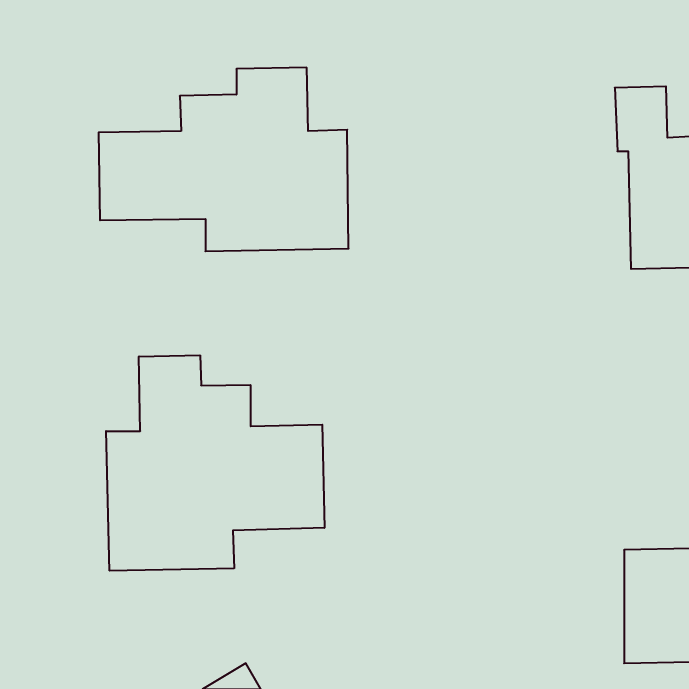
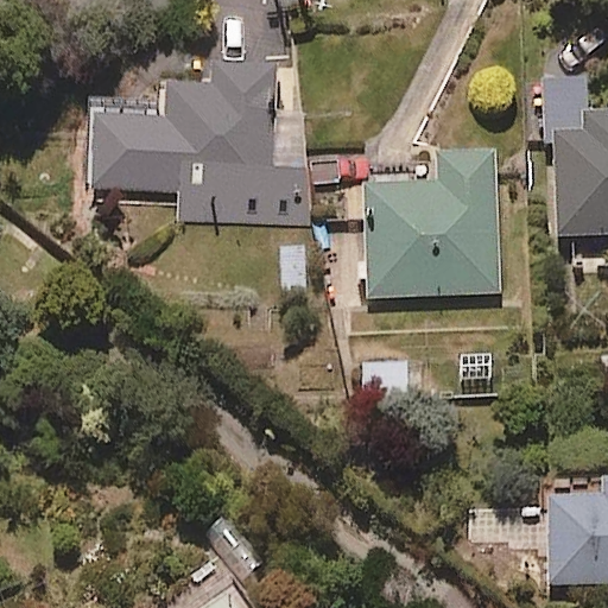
building: none -> [363,154,501,299]
building: [106,355,324,571] -> none

